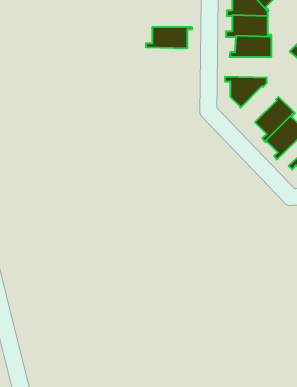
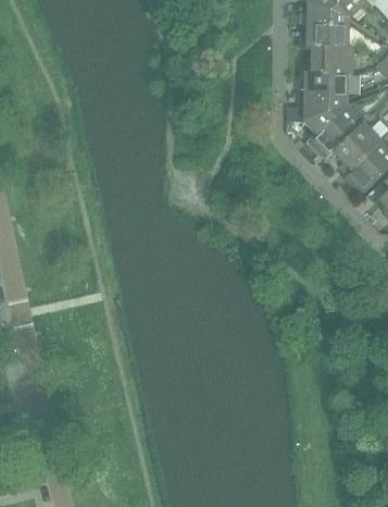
building: [146,27,192,48] -> [298,71,353,96]
building: none -> [312,106,360,158]

